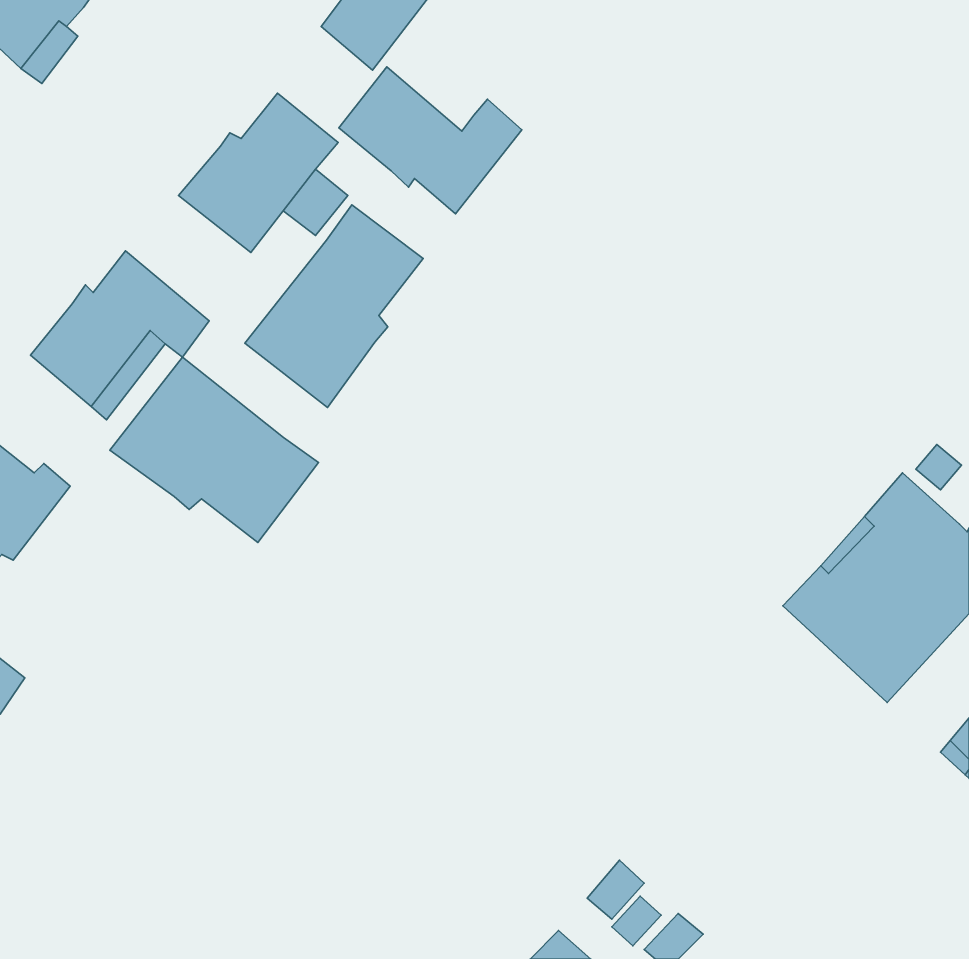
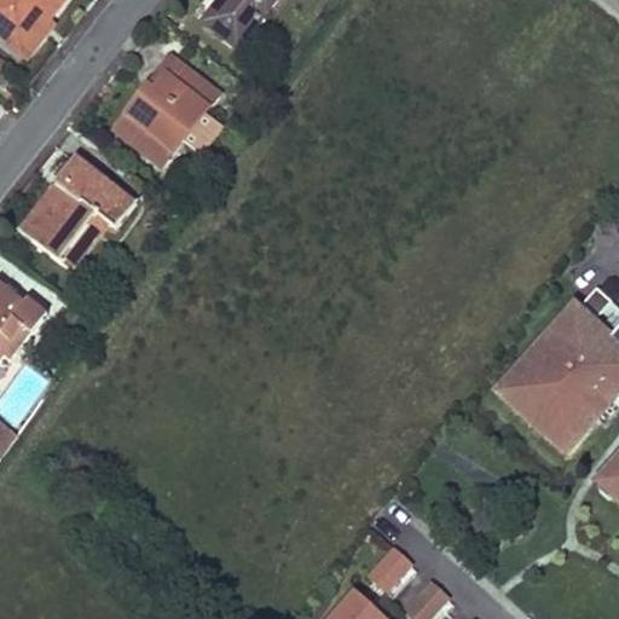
building: [339,67,522,214] -> none
building: [245,205,423,407] -> none
building: [110,357,318,543] -> none

